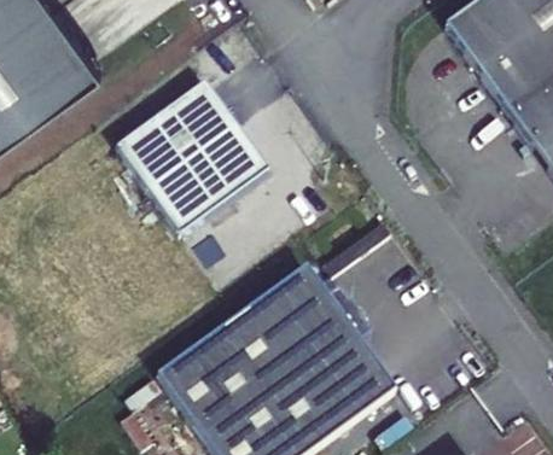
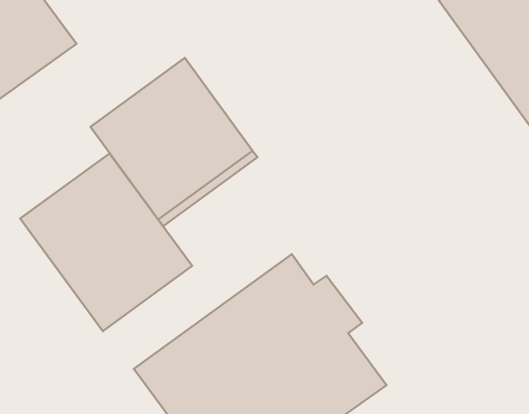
building: none -> [20,154,192,331]

